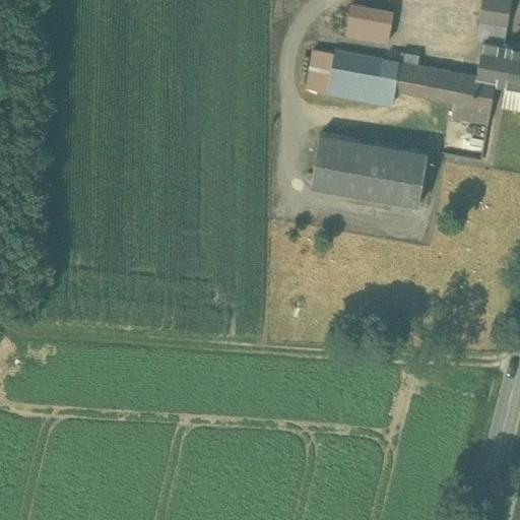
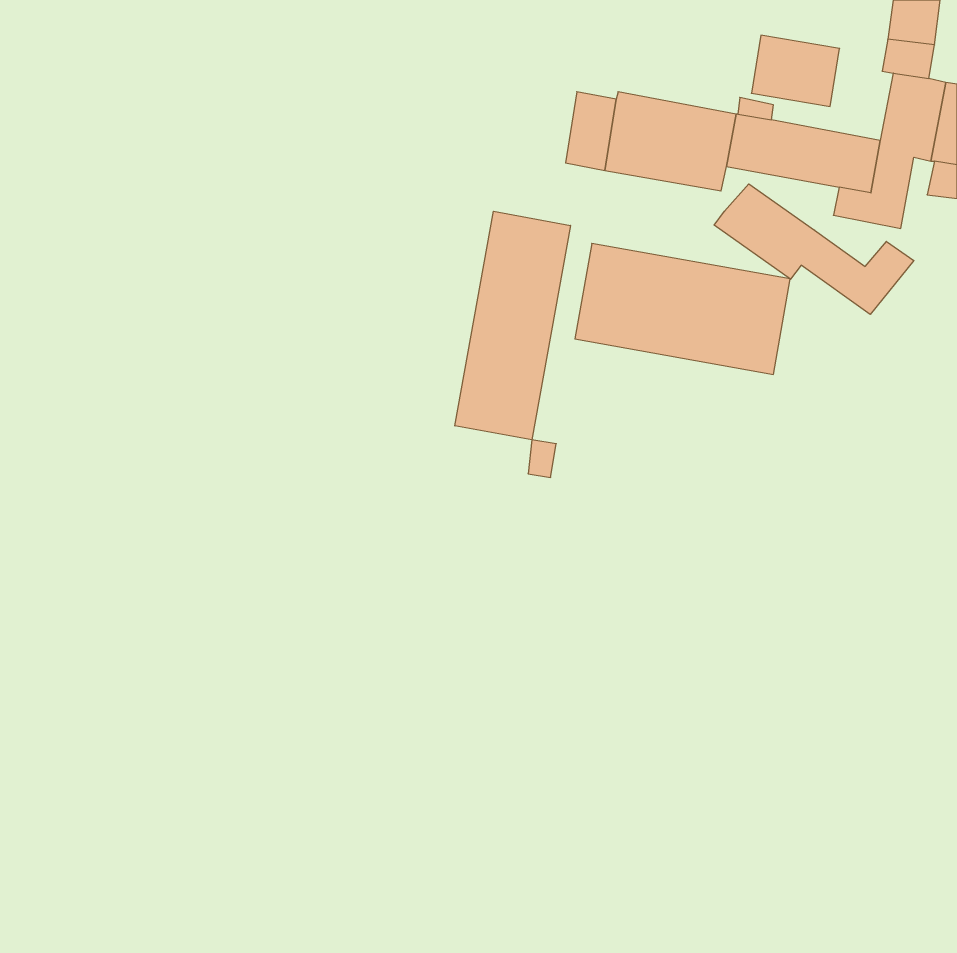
building: [346,6,394,45] -> [751,35,840,106]
building: none -> [714,184,914,314]
building: none -> [455,211,570,440]

